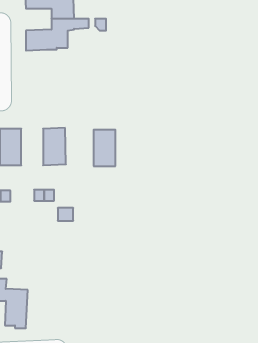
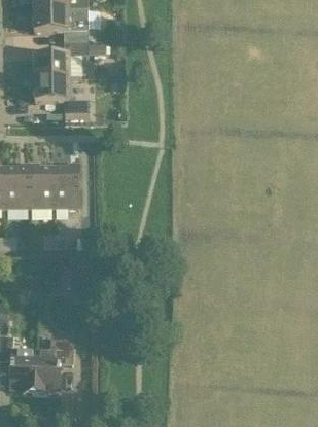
building: none -> [34,77,90,113]
building: [94,130,115,166] -> [29,167,54,208]
building: none -> [34,339,74,393]

